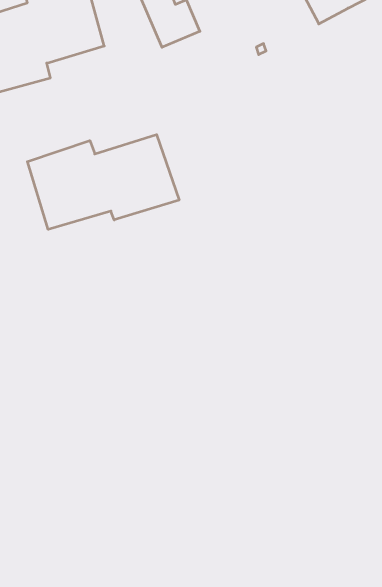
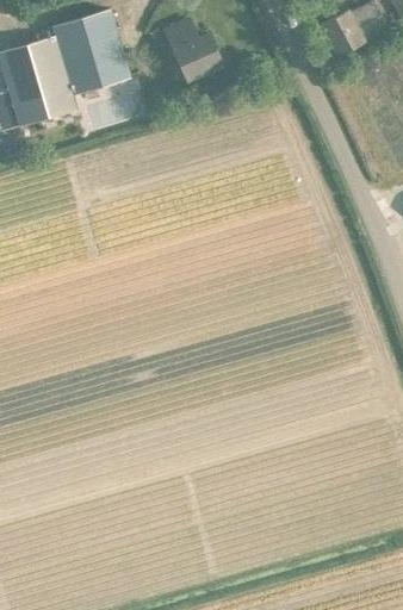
building: [27,135,179,229] -> none

